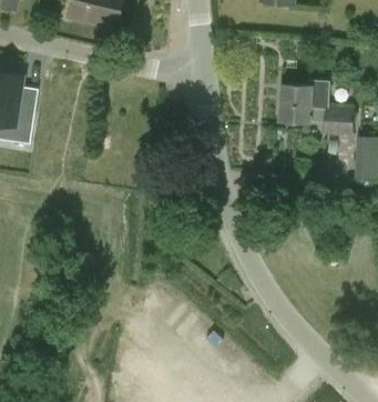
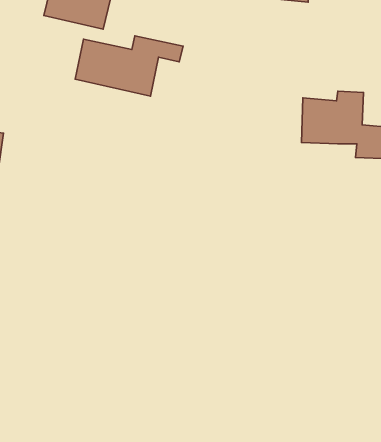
building: none -> [75,36,183,96]

